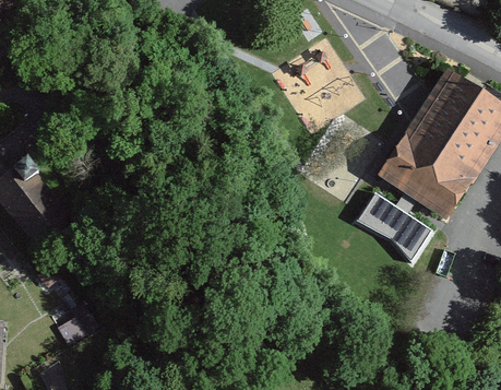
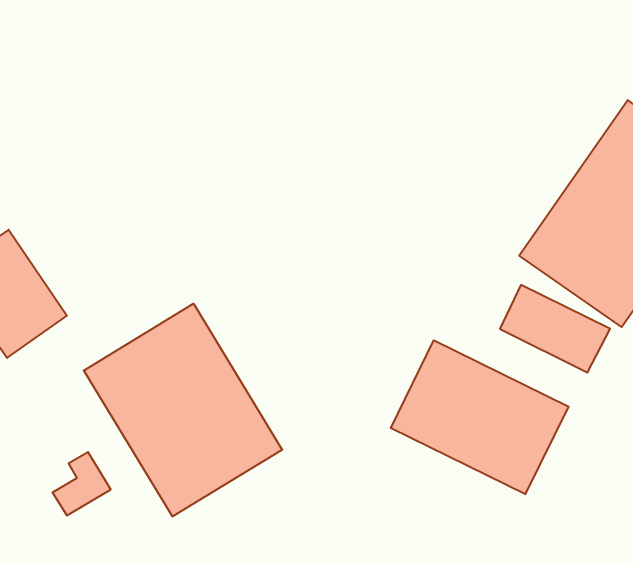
building: none -> [84,304,282,517]
building: none -> [391,340,568,494]

